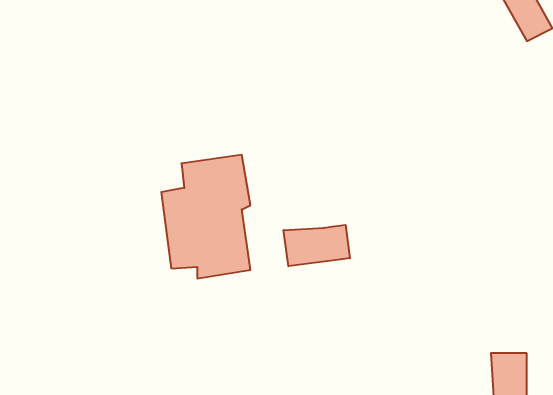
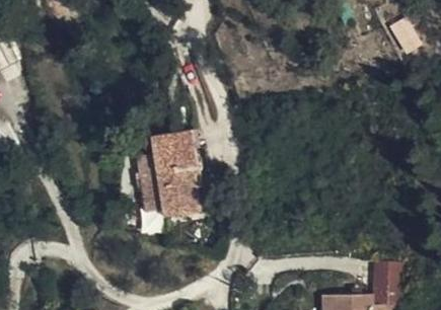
building: [284,225,350,266] -> none

